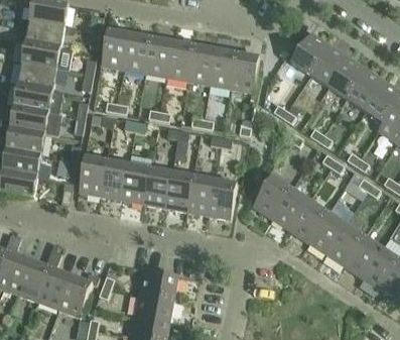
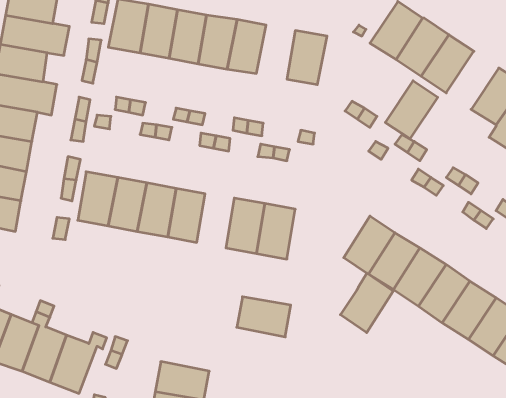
building: [208,48,236,88] -> none
building: [346,68,384,110] -> [385,81,438,139]
building: [164,172,191,211] -> none
building: [252,175,290,218] -> [340,273,393,333]
building: [138,271,177,301] -> [237,297,291,337]

